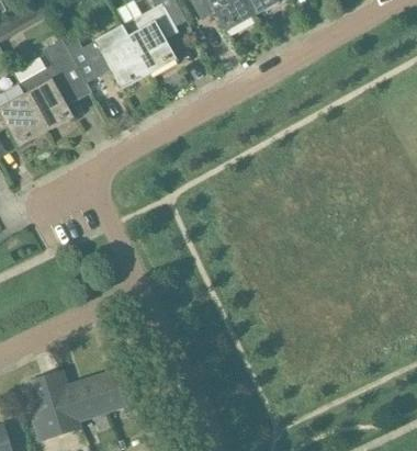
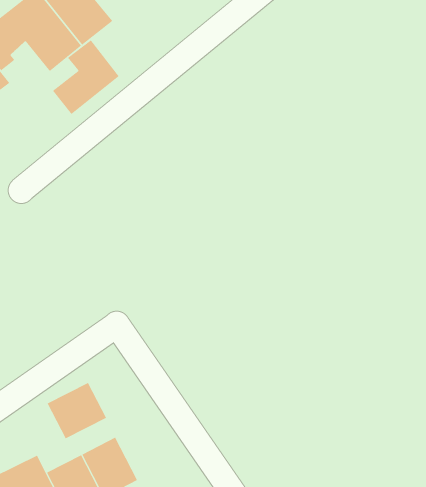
building: none -> [52,40,120,115]
building: none -> [47,382,107,439]

